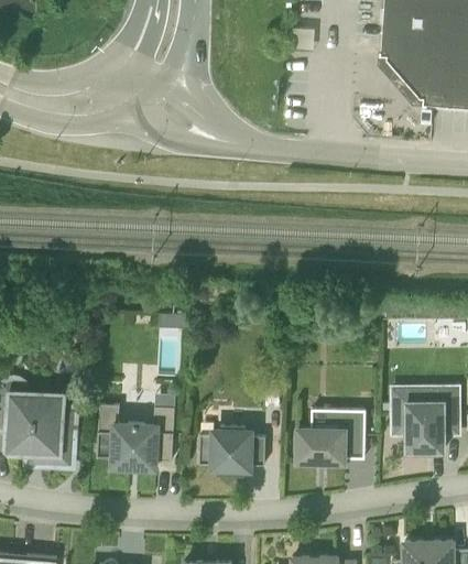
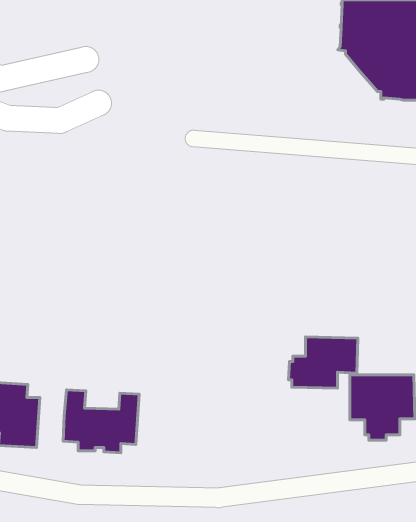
building: [294,409,366,462] -> [288,337,358,388]
building: [199,425,265,471] -> none

